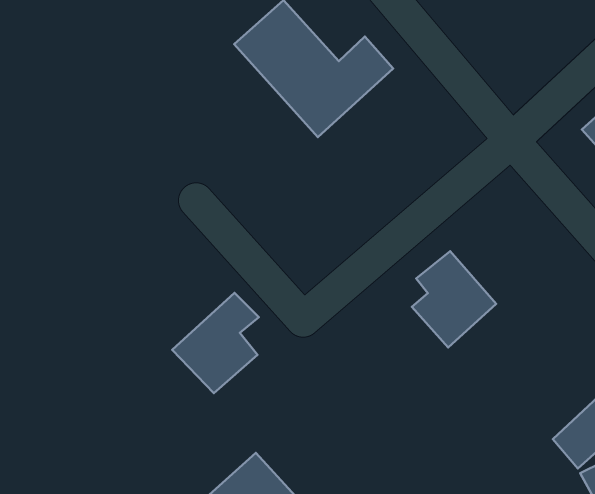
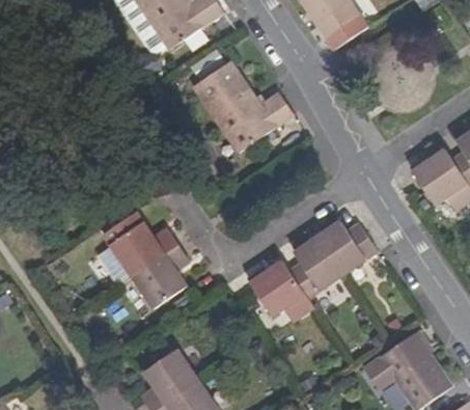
building: none -> [316,222,377,275]
building: none -> [102,213,175,277]
building: none -> [251,261,312,320]

